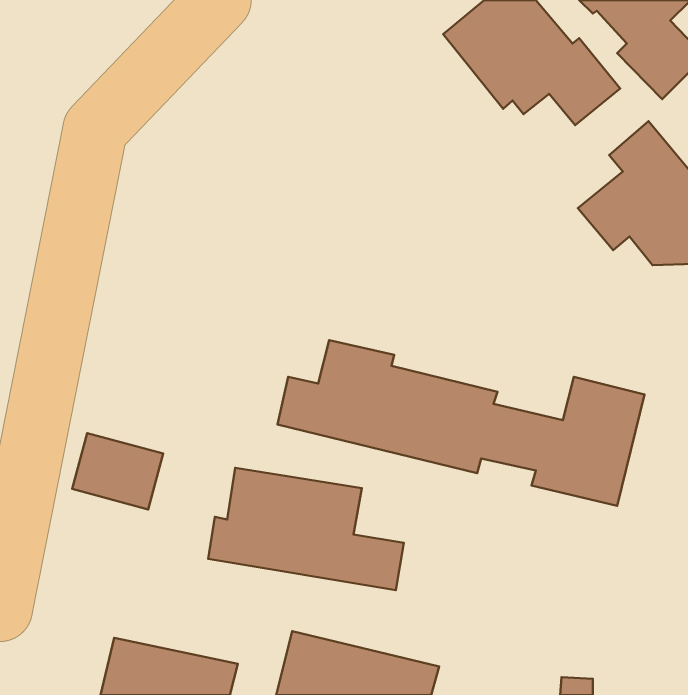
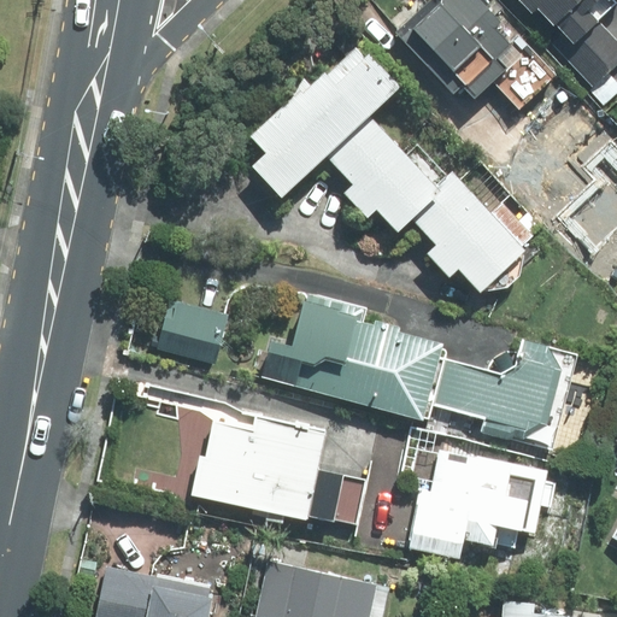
building: none -> [237,41,534,295]
building: [72,433,163,509] -> [148,299,229,366]
building: none -> [404,427,563,560]

